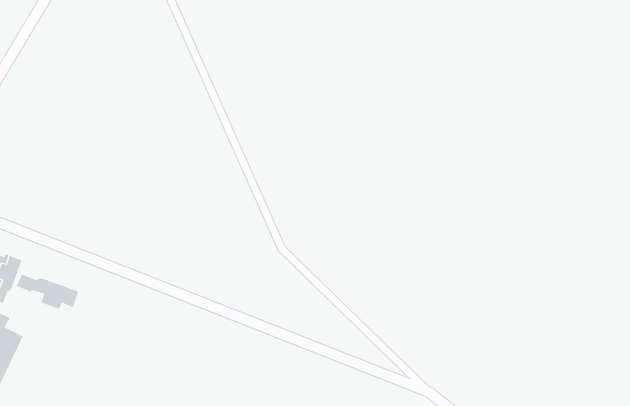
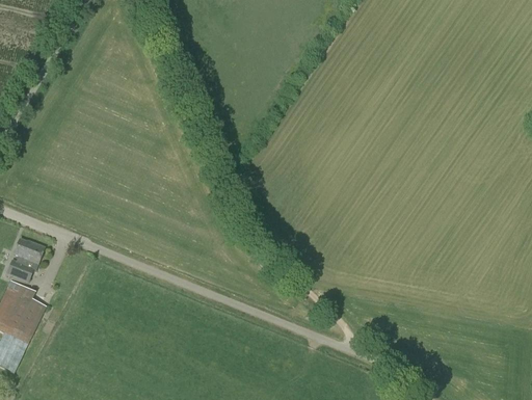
building: [16,274,79,309] -> none

